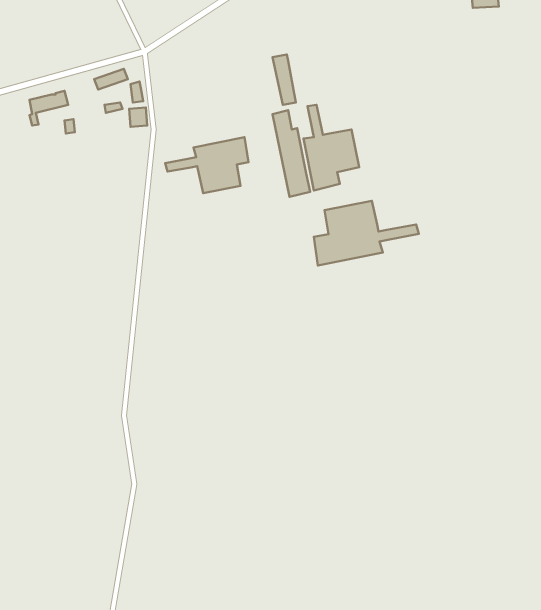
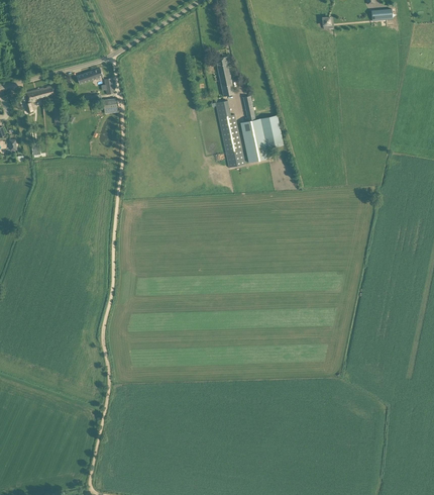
building: [165,137,248,193] -> none
building: [314,201,419,265] -> none

